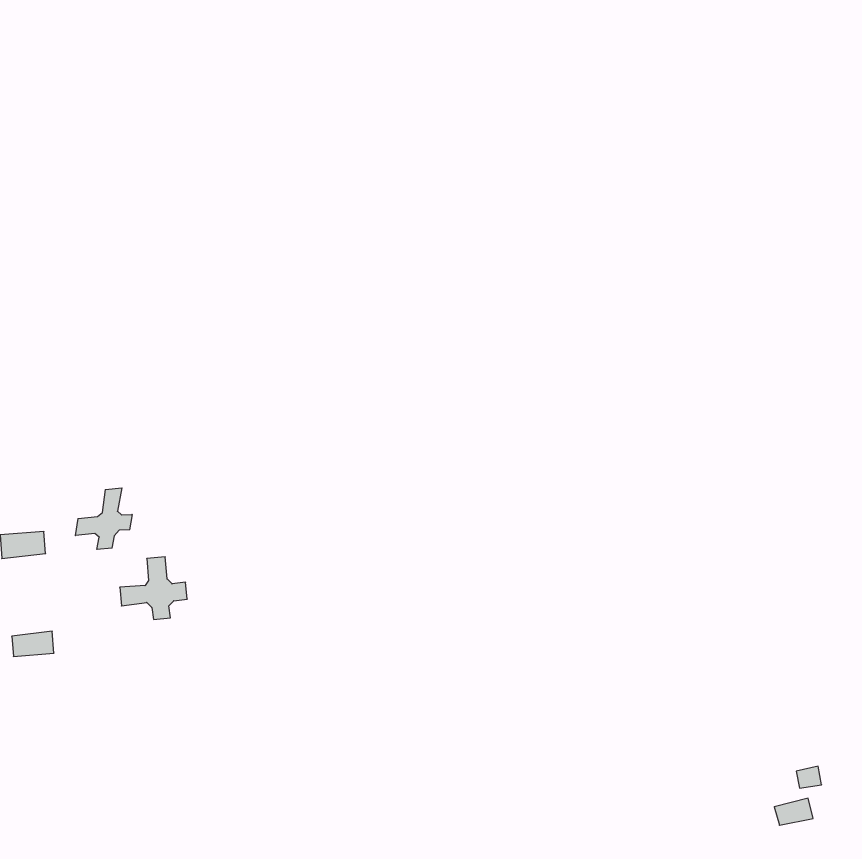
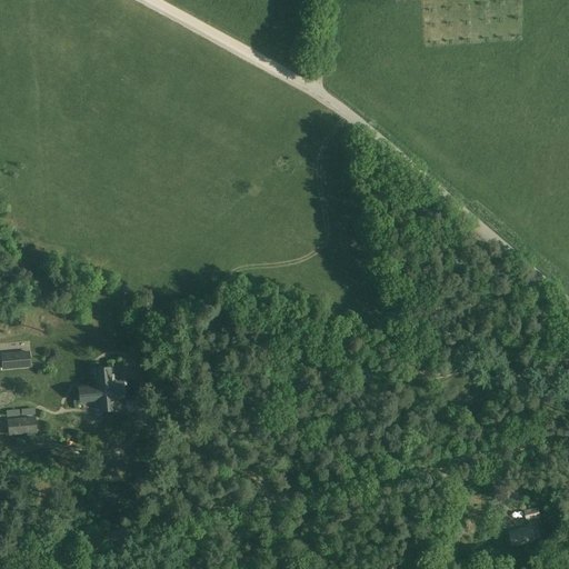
building: [75,488,132,549] -> none

